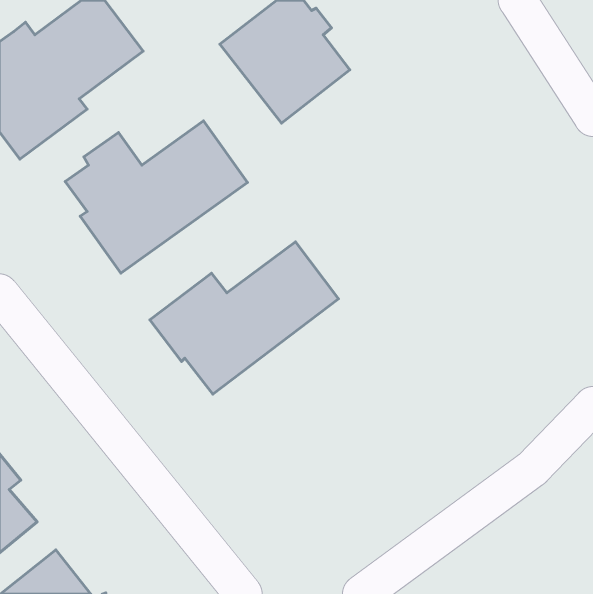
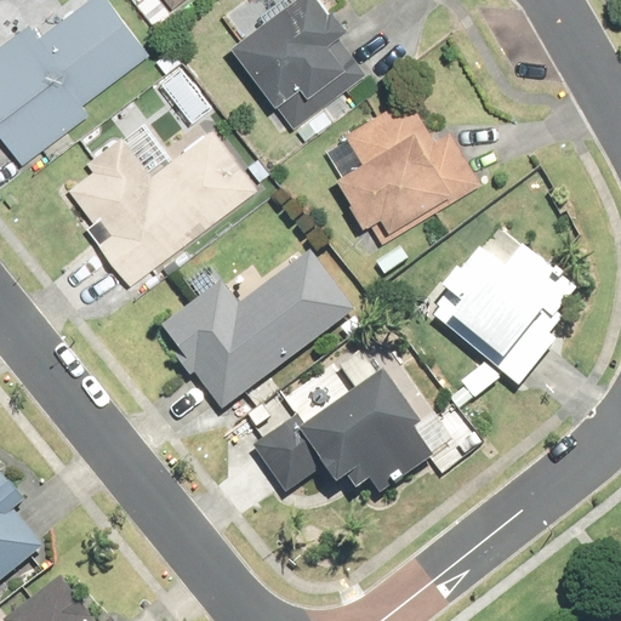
building: none -> [335,96,483,241]
building: none -> [434,233,571,383]
building: none -> [252,372,431,495]

